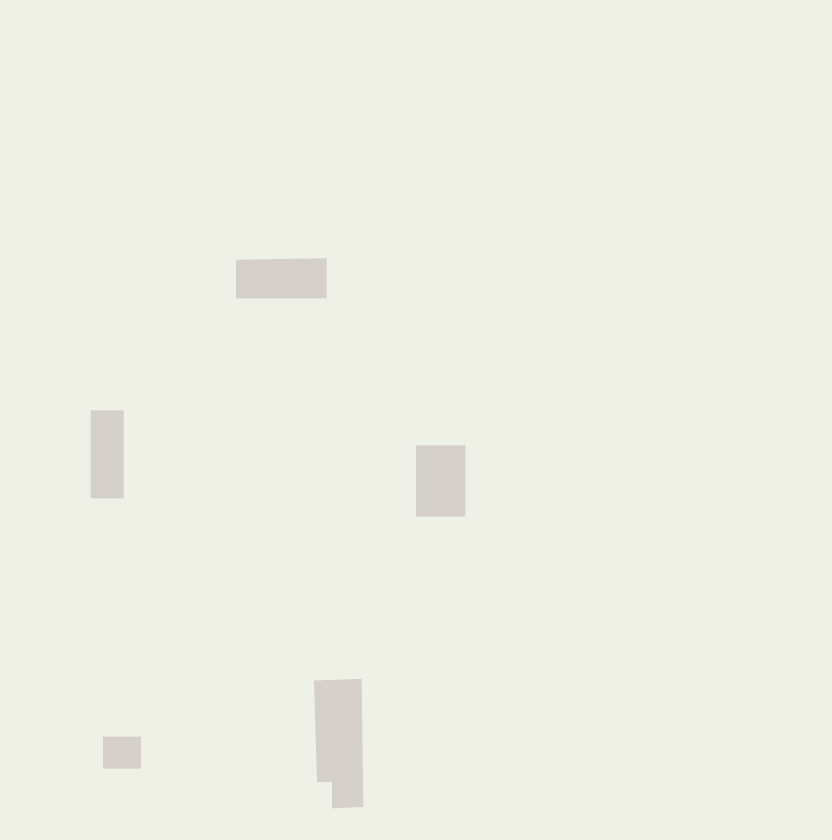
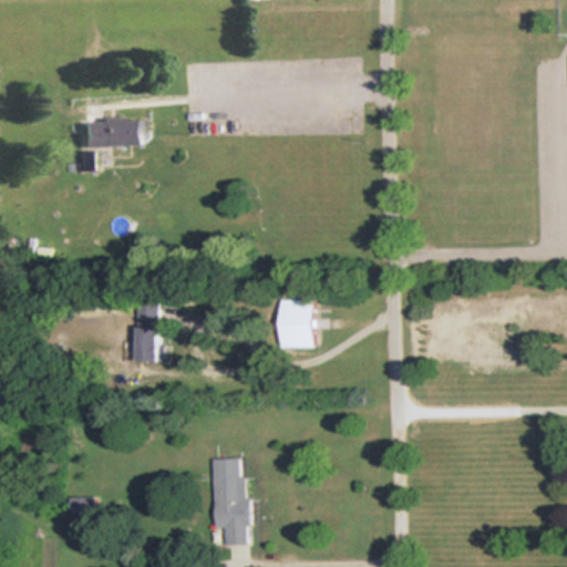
building: [235,258,327,299] -> [78,118,140,146]
building: [90,410,124,499] -> [137,302,161,362]

